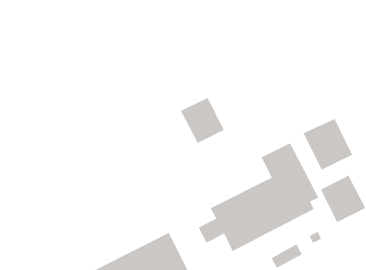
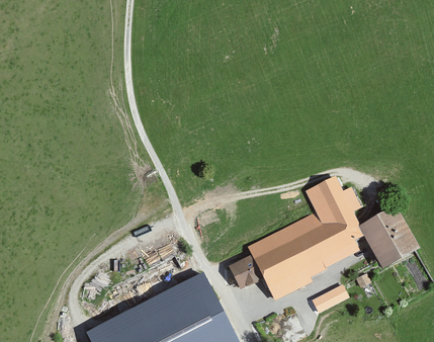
building: [180,97,224,144] -> none
building: [303,118,353,171] -> none

